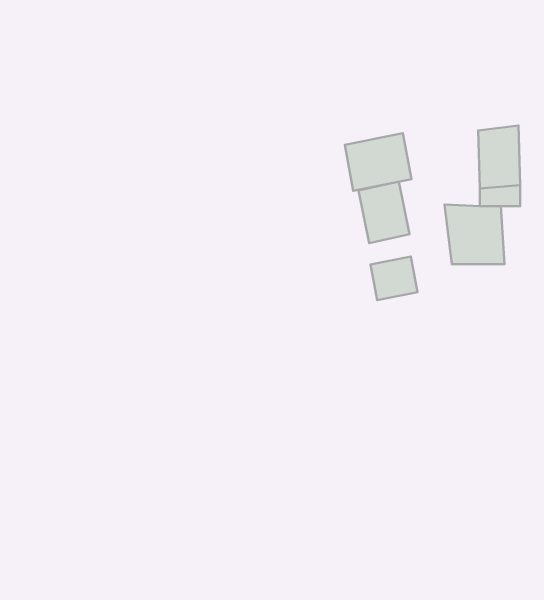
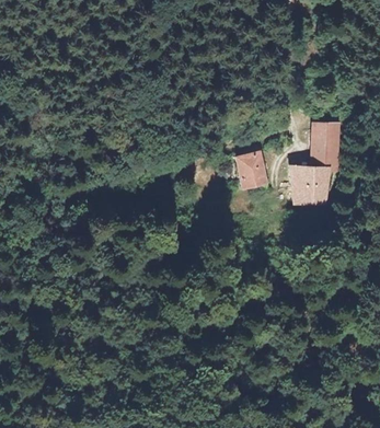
building: [345,133,411,191] -> none
building: [370,257,417,300] -> none

